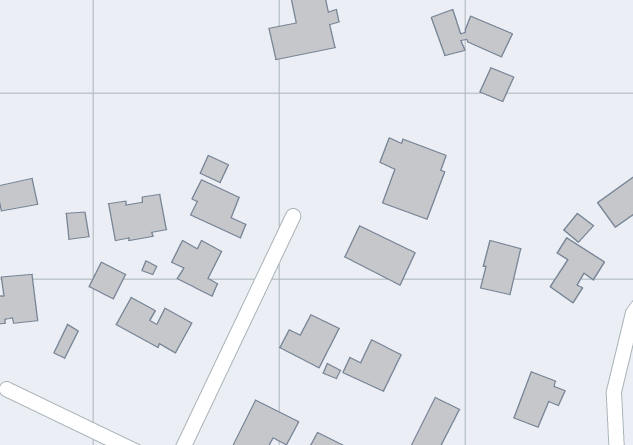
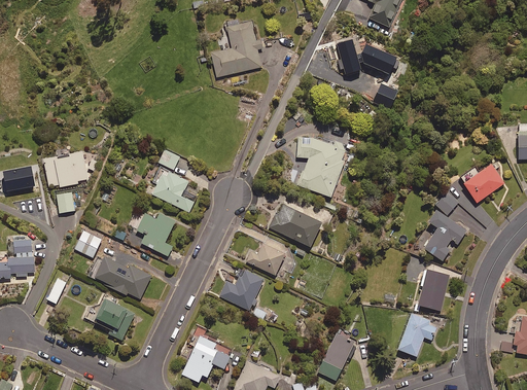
building: [108,194,167,240] -> [43,150,87,185]
building: [480,241,521,295] -> [418,269,449,310]
building: [343,340,401,391] -> [245,236,289,275]
building: none -> [94,298,135,340]

